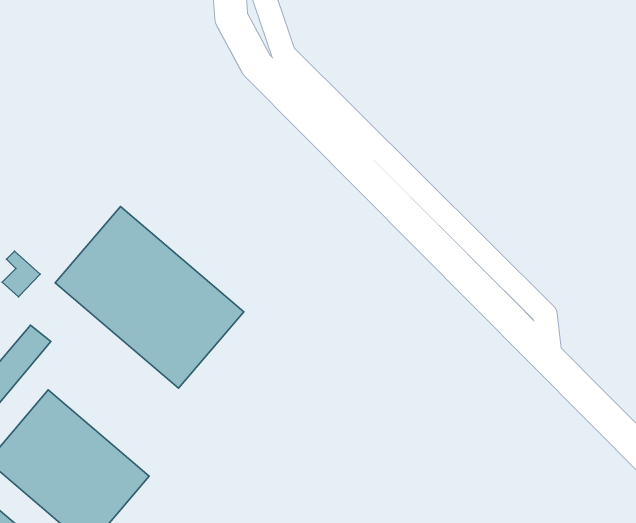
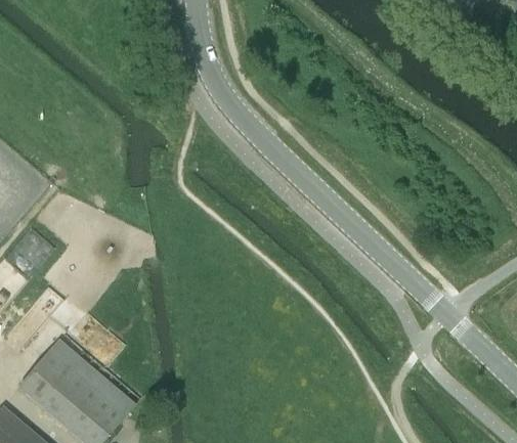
building: [55,207,244,388] -> none

